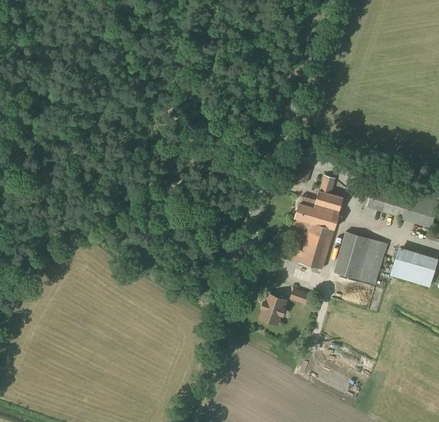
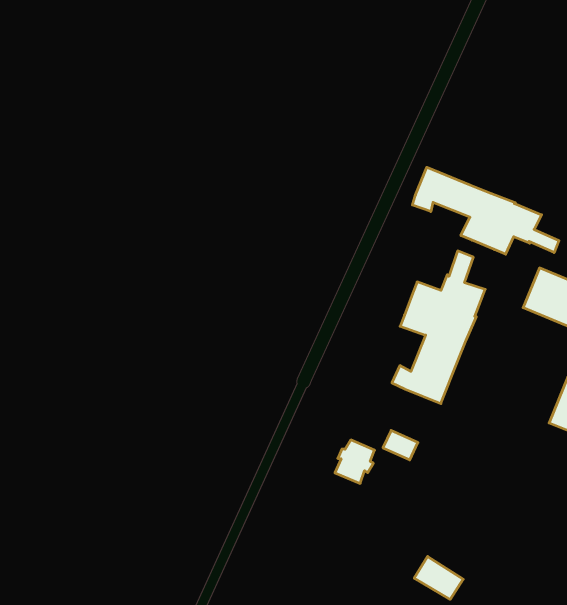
building: none -> [412,167,559,254]
building: [333,232,386,284] -> none

